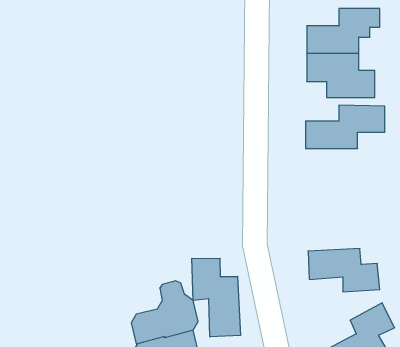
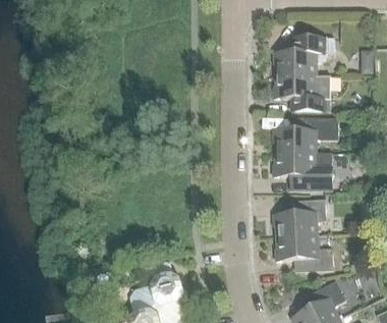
building: none -> [273,152,332,189]
building: none -> [273,198,326,236]
building: [192,258,240,337] -> none

